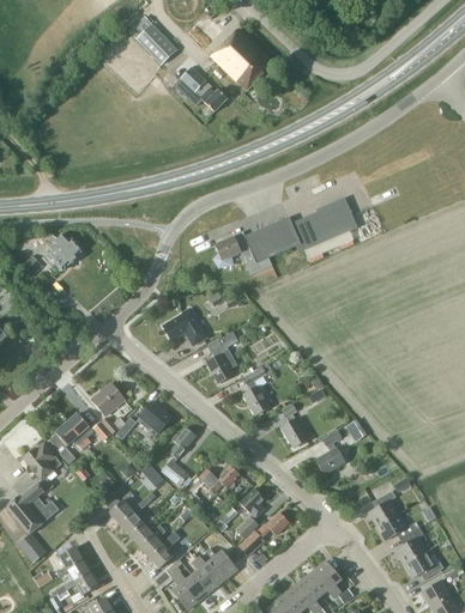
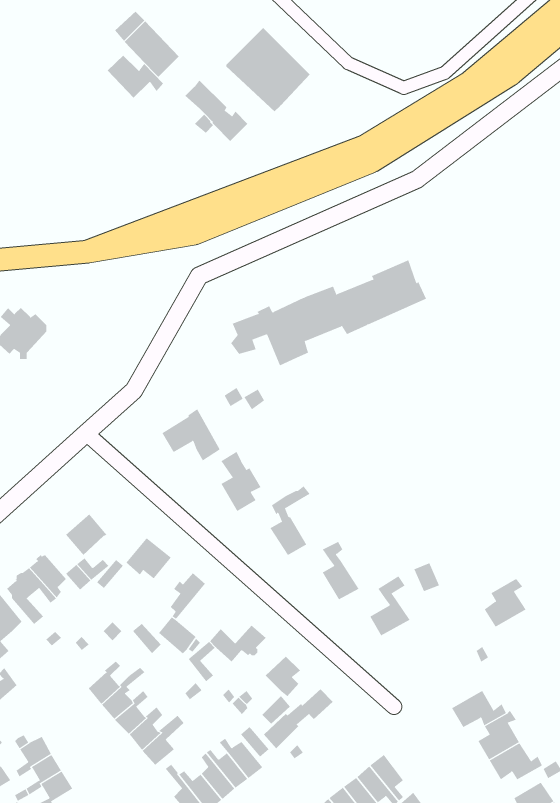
building: none -> [107,55,164,98]
building: [368,490,399,526] -> [484,578,526,627]

